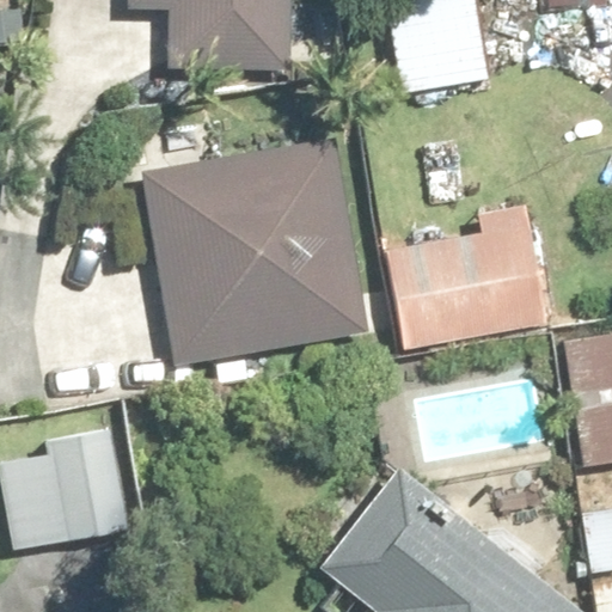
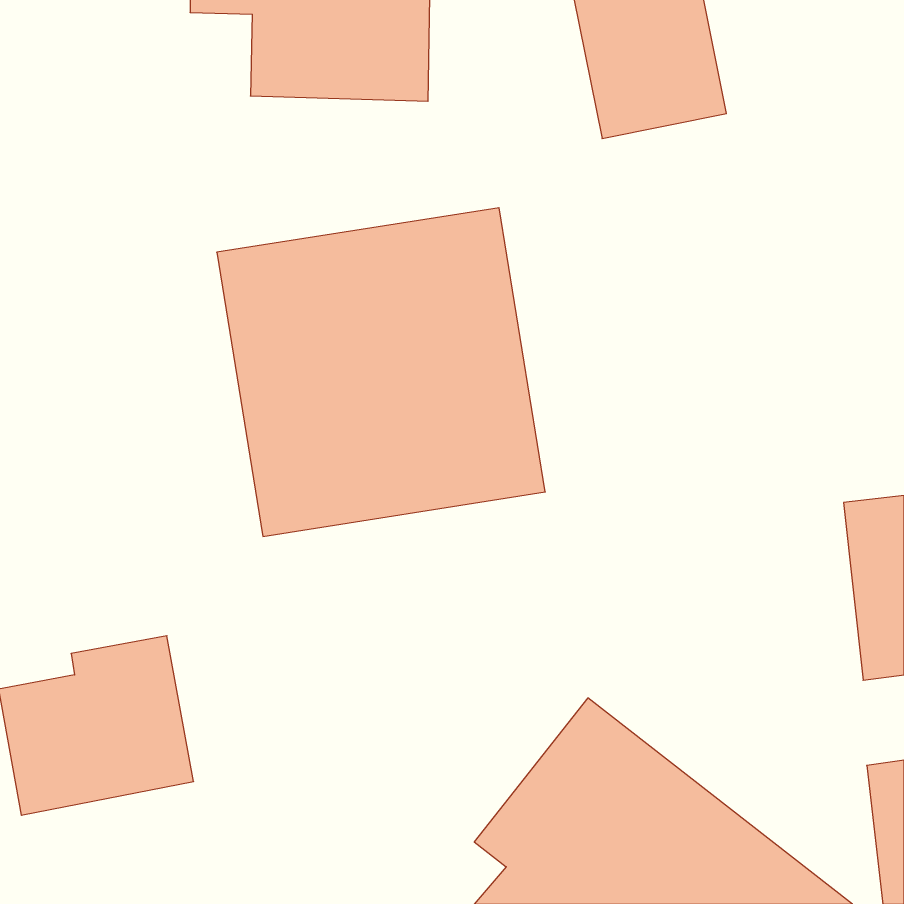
building: [386,204,551,351] -> none

